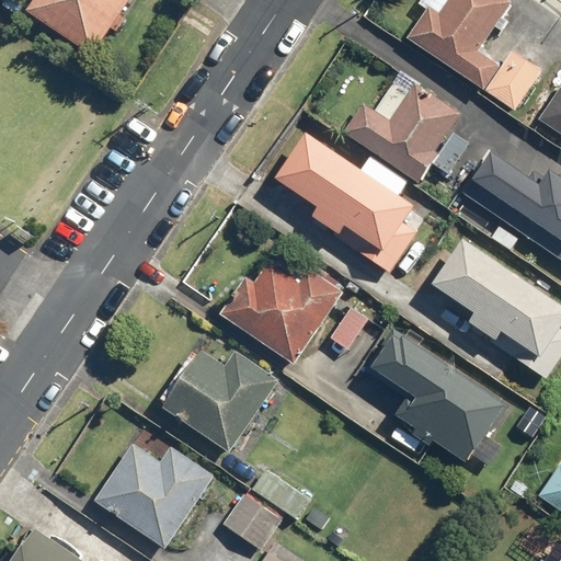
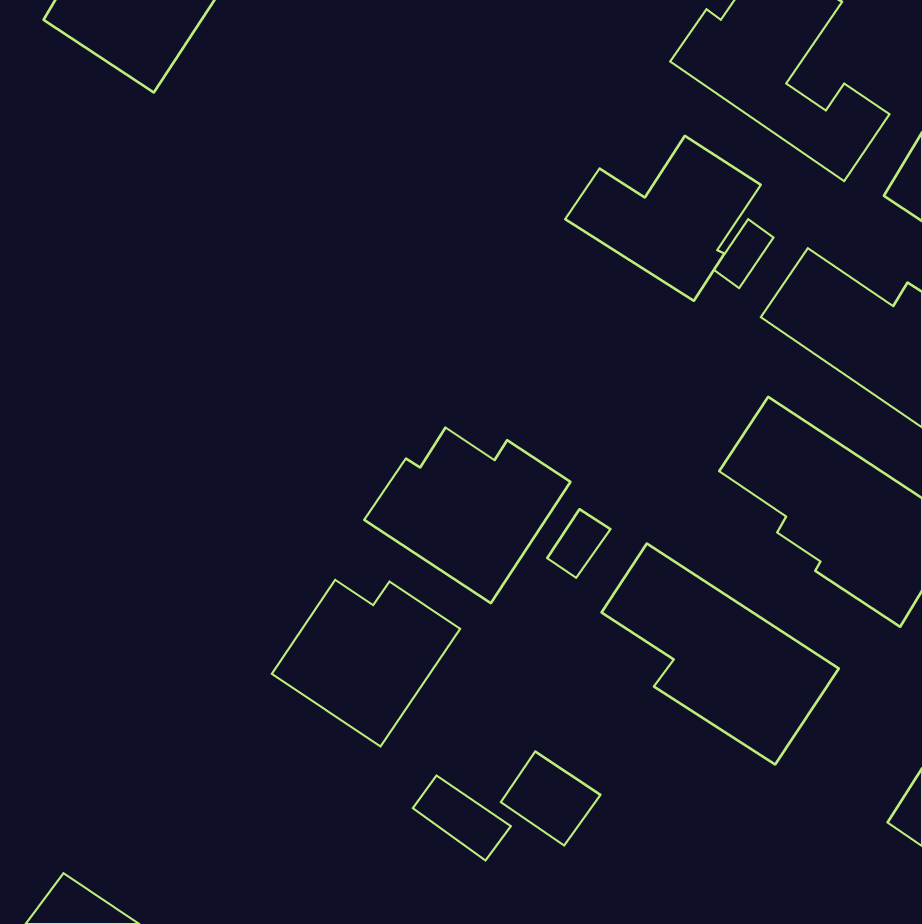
building: [277,134,417,273] -> none
building: [94,444,215,548] -> none
building: [222,493,283,550] -> [501,751,600,846]

